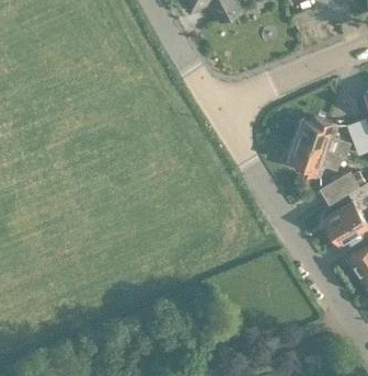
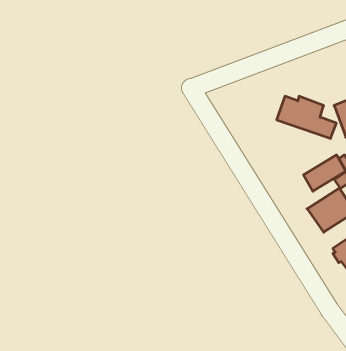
building: [289,140,343,178] -> none

